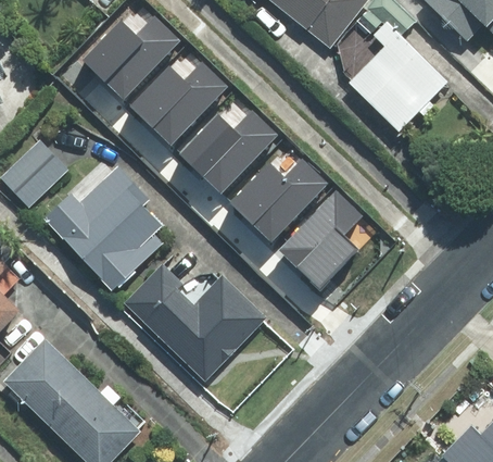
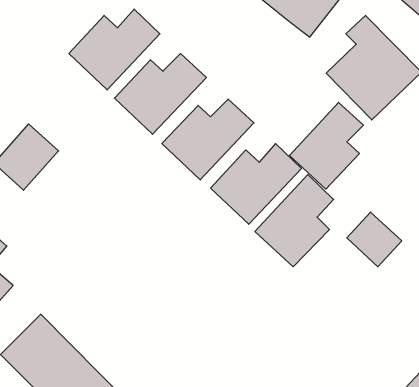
building: none -> [289,102,363,189]
building: [50,168,165,289] -> none
building: none -> [347,212,402,267]
building: [131,272,266,377] -> none

